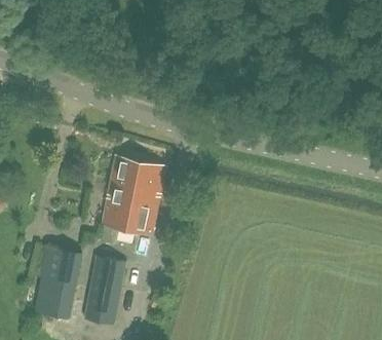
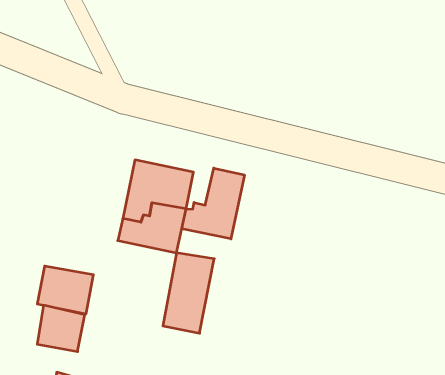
building: none -> [182,168,244,239]
building: [84,258,127,326] -> [163,253,214,333]

